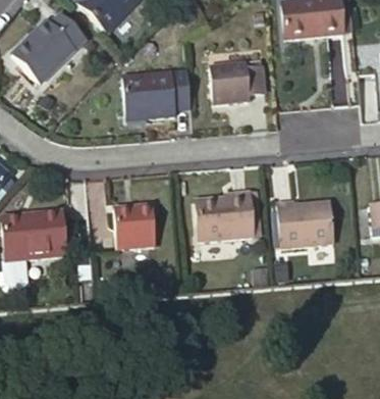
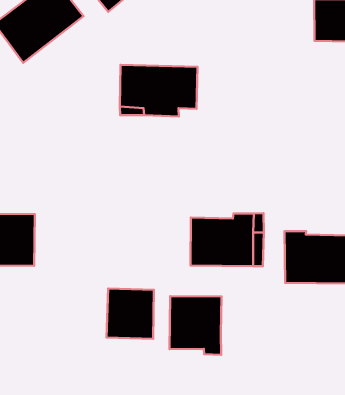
building: [210,66,265,108] -> none
building: [113,203,156,248] -> [106,288,154,339]
building: none -> [170,296,221,355]

